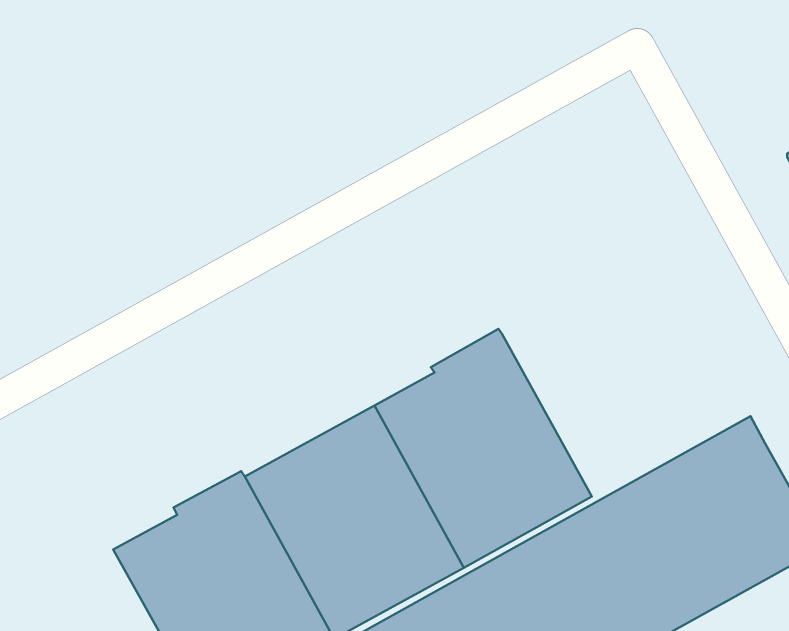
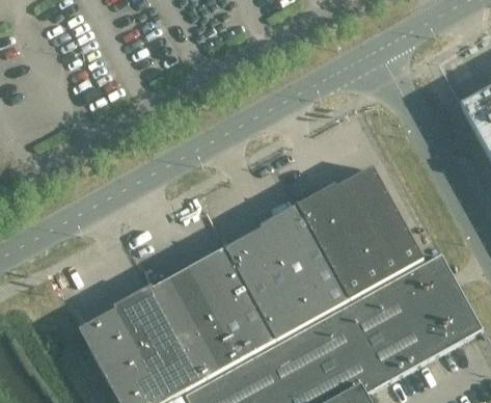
building: none -> [298,166,424,298]

